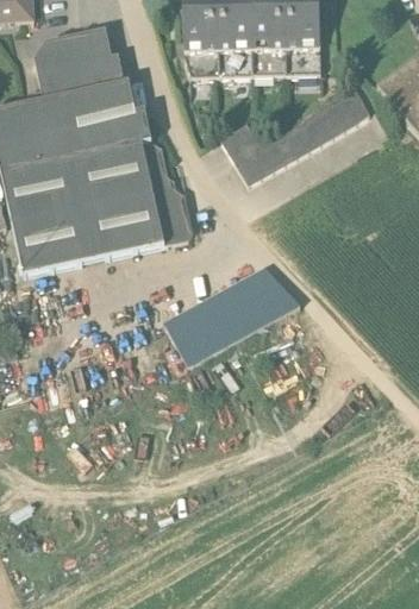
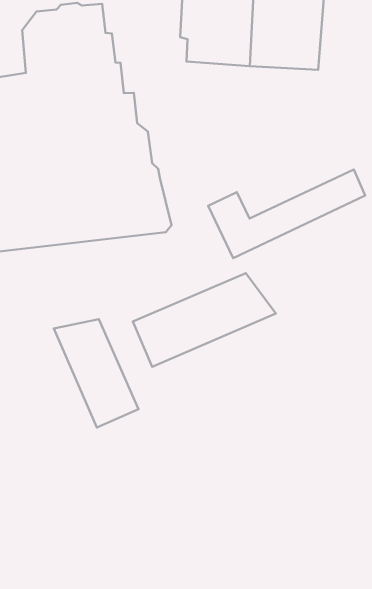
building: [220,87,369,182] -> [208,169,365,258]
building: none -> [54,319,138,427]

